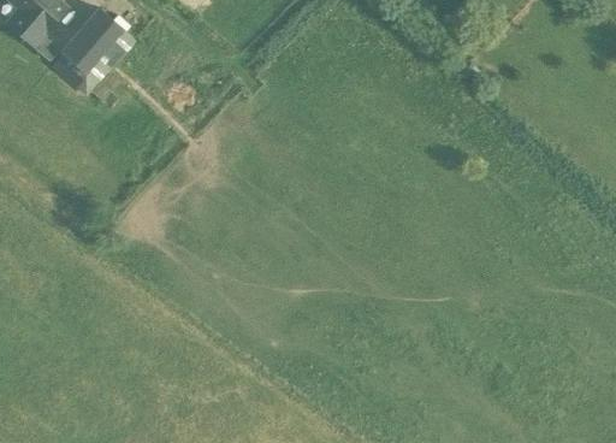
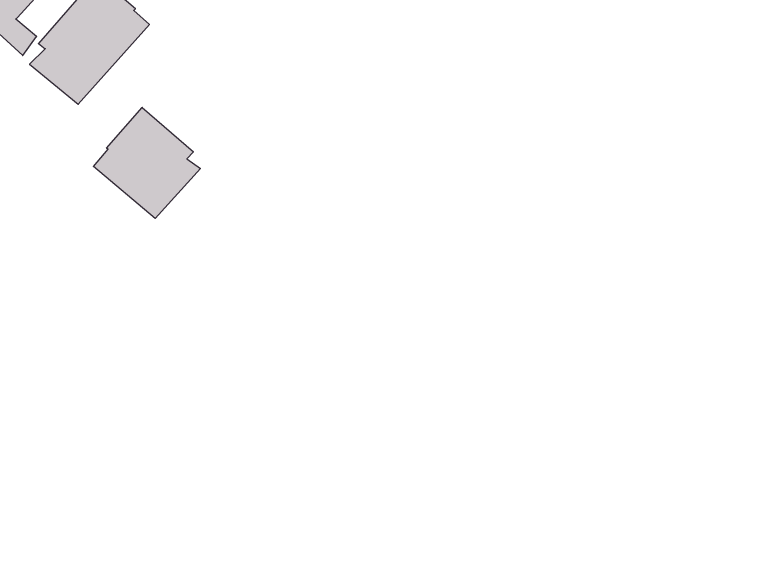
building: none -> [93,107,200,218]

